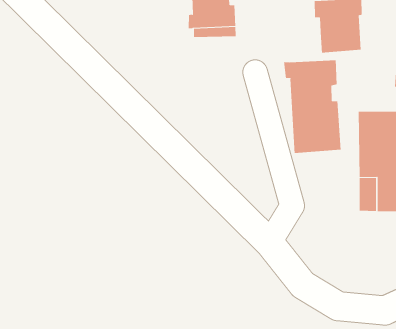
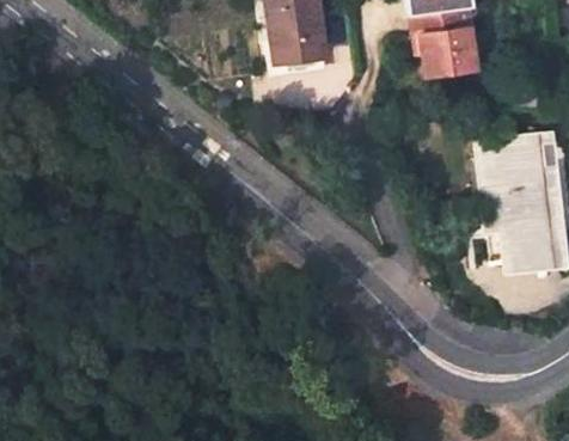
building: [284,59,341,154] -> none

